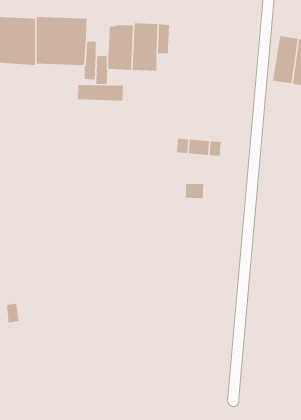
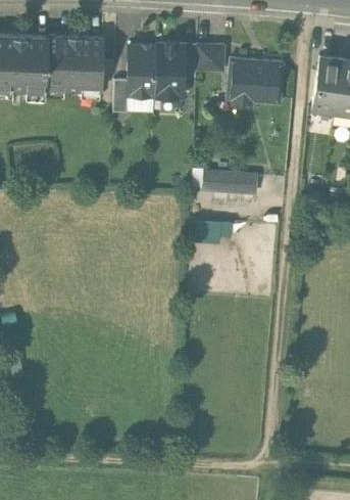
building: none -> [196,46,224,73]
building: none -> [228,60,284,109]
building: [77,84,123,101] -> none

